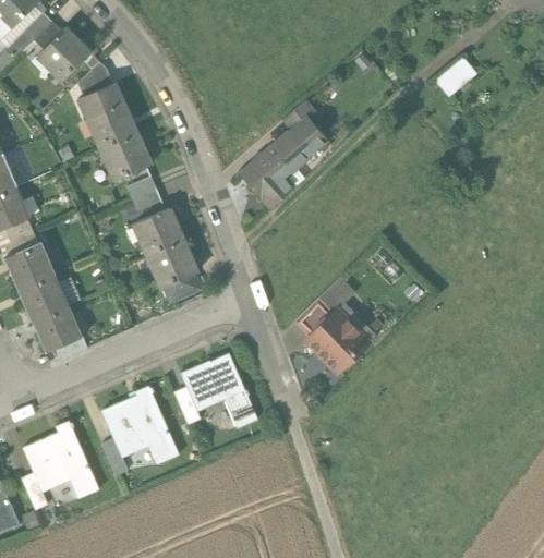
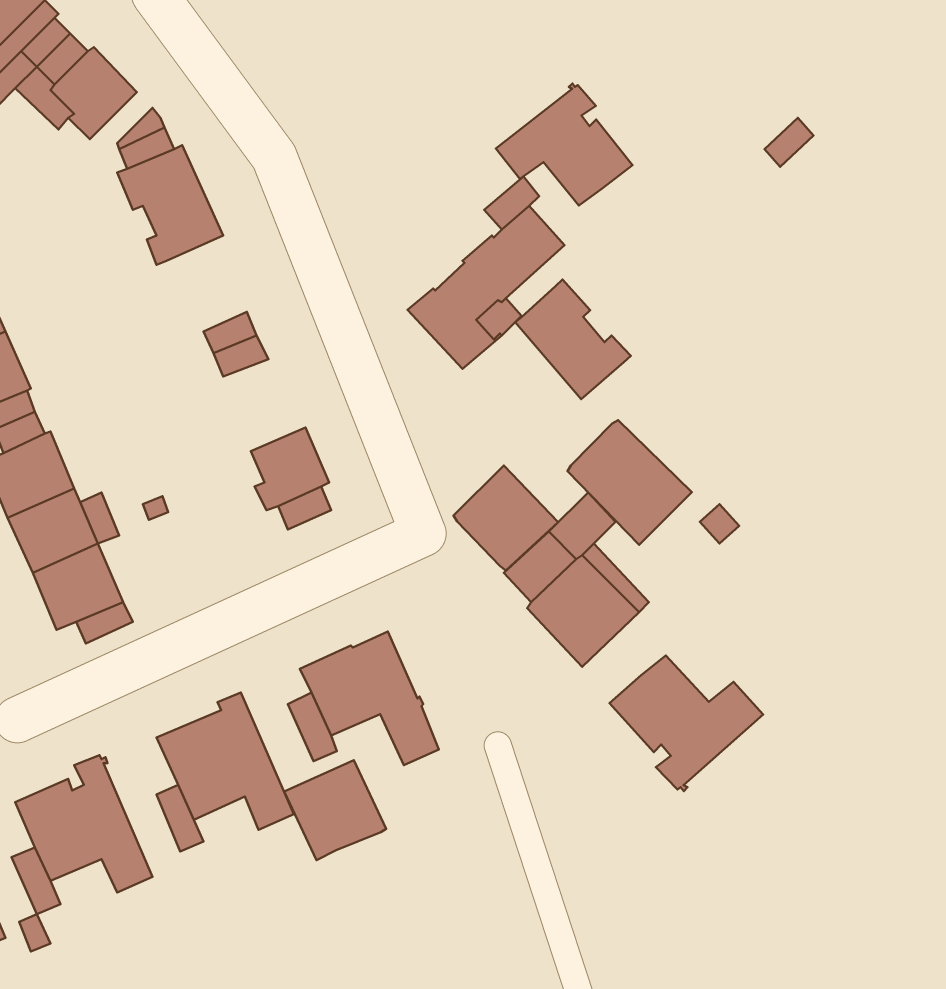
building: none -> [496,83,633,205]
building: [106,133,150,181] -> none
building: none -> [515,280,631,399]
building: [138,208,183,255] -> none
building: none -> [567,420,692,545]
building: none -> [453,465,558,570]
building: none -> [610,655,763,791]
building: none -> [284,760,386,860]

